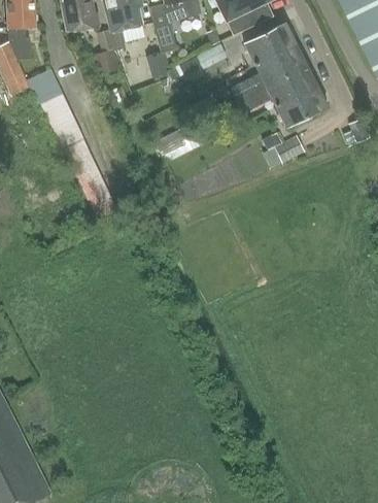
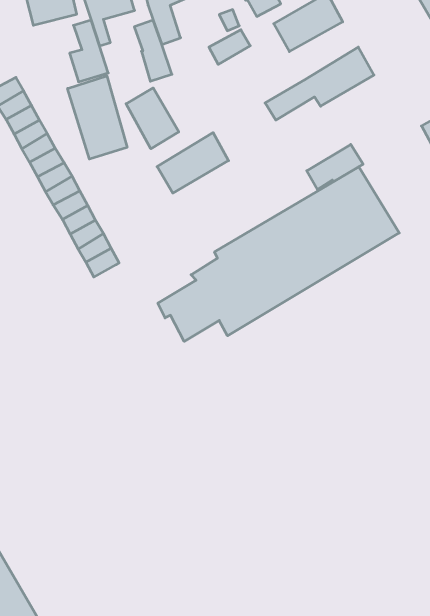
building: [230,44,308,101] -> none
building: none -> [68,76,127,159]
building: none -> [126,88,179,149]
building: [277,86,329,129] -> none
building: none -> [158,167,399,341]

